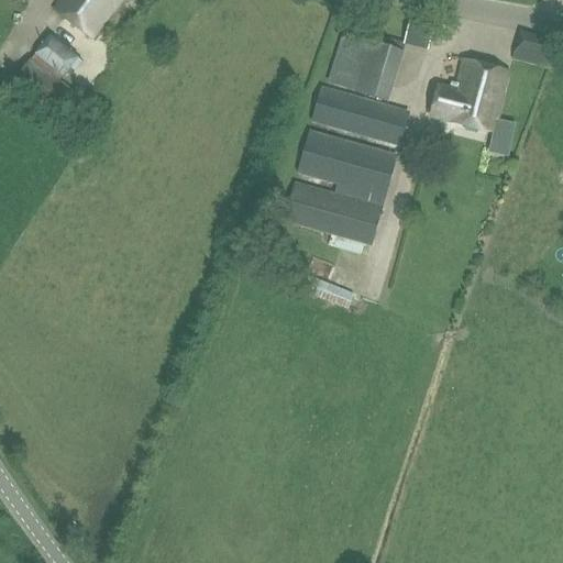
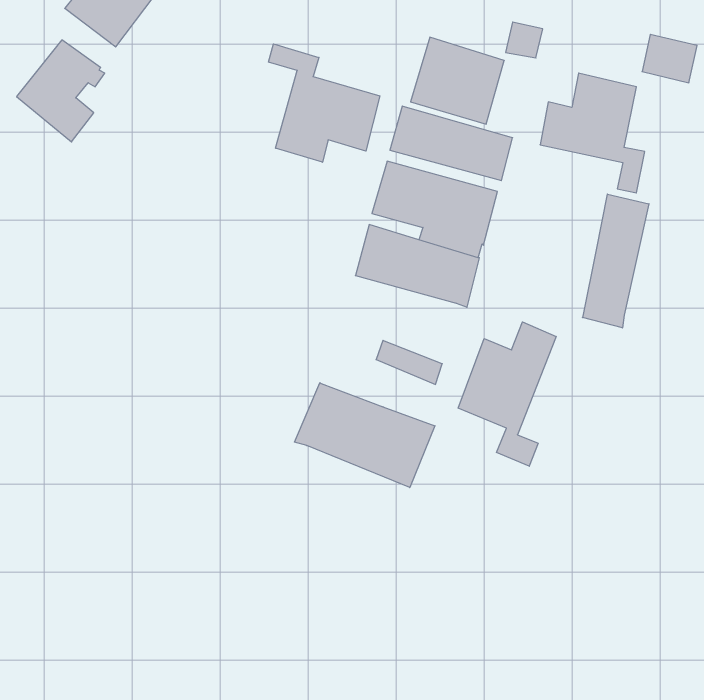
building: none -> [268,44,380,162]
building: none -> [582,194,649,328]
building: none -> [458,322,556,466]
building: none -> [295,383,435,488]

